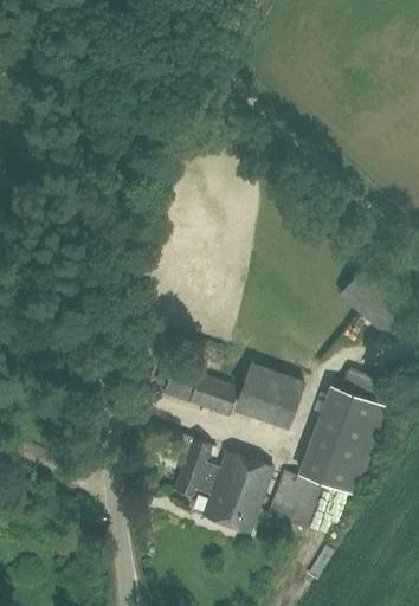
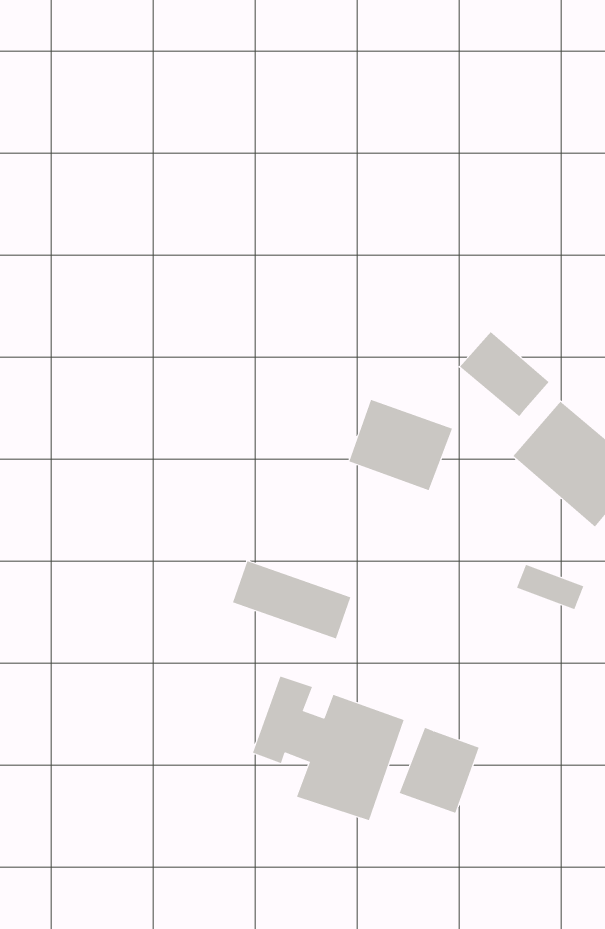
building: none -> [459,331,549,417]
building: [236,363,303,423] -> [348,399,453,491]
building: [301,387,386,496] -> none

